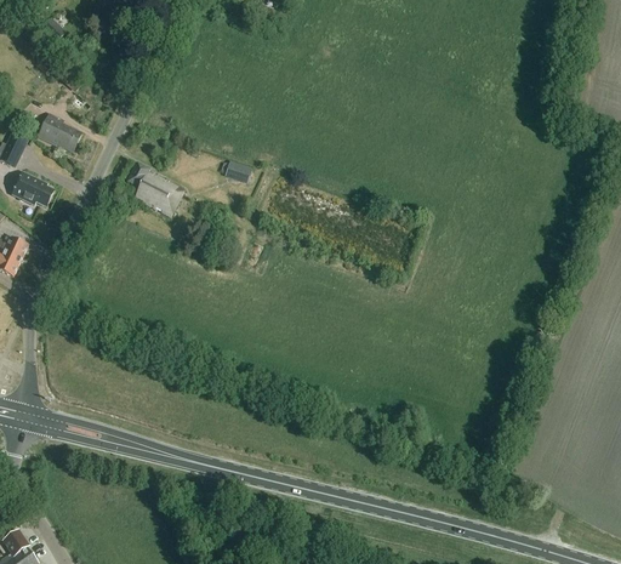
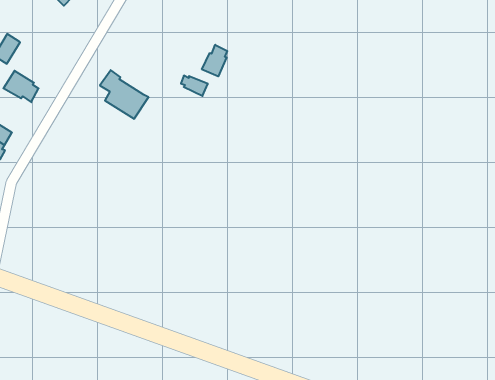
building: [39,114,82,150] -> none
building: none -> [202,45,227,76]

